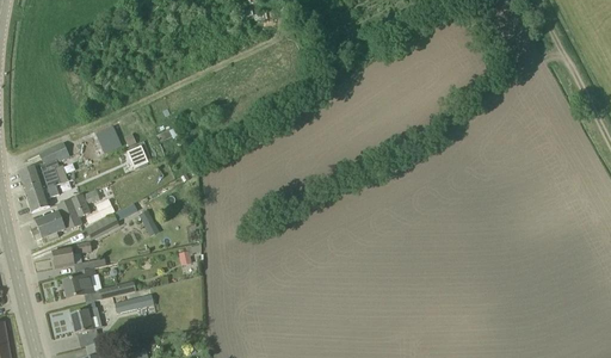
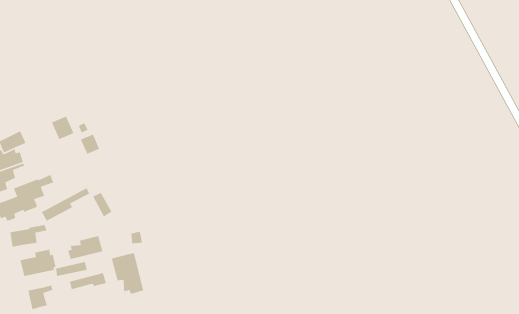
building: none -> [67,235,103,260]
building: none -> [111,252,144,295]

